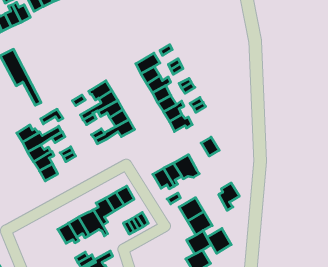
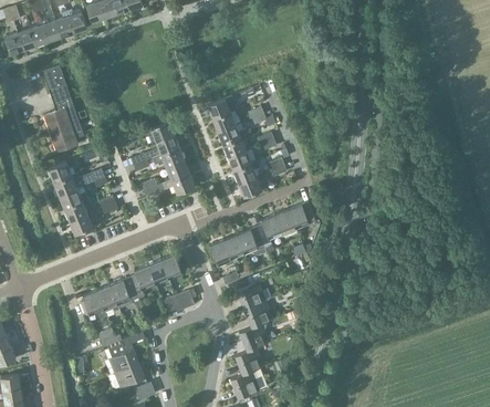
building: none -> [44,107,79,152]
building: none -> [288,201,316,227]
building: [219,183,239,210] -> [257,215,282,248]
building: [207,228,231,253] -> none

